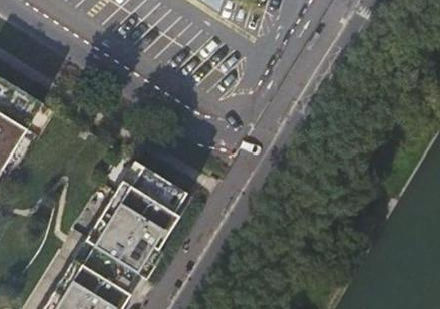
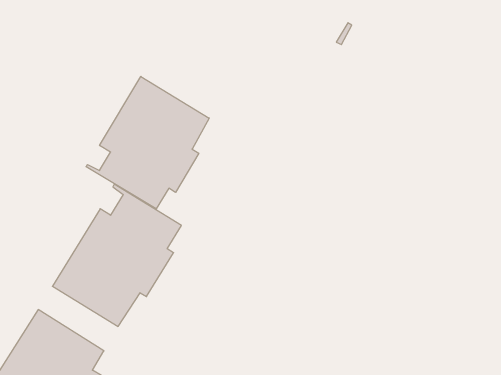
building: none -> [86,76,209,209]

